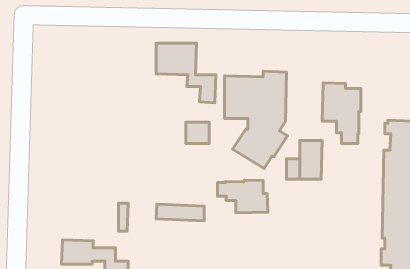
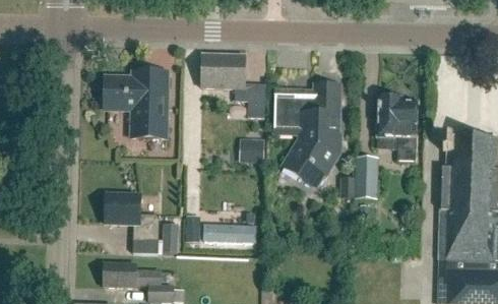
building: none -> [109,70,169,138]
building: none -> [106,193,159,253]
building: [217,180,268,213] -> none

